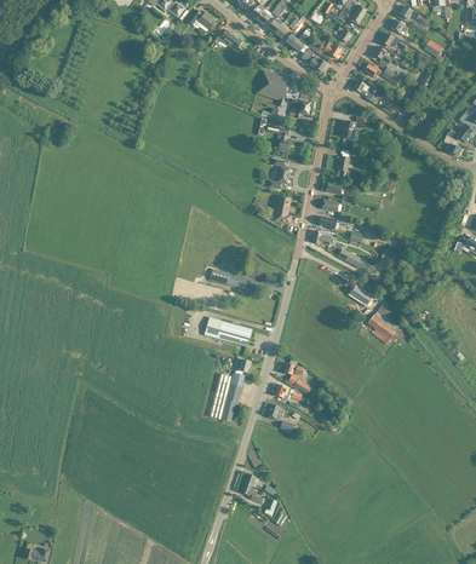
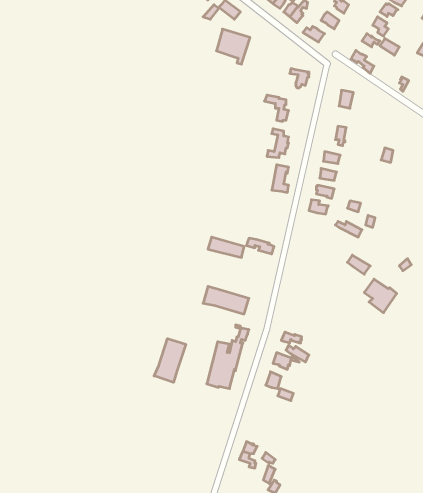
building: [257,70,291,105] -> [216,29,250,64]
building: none -> [154,339,186,382]

